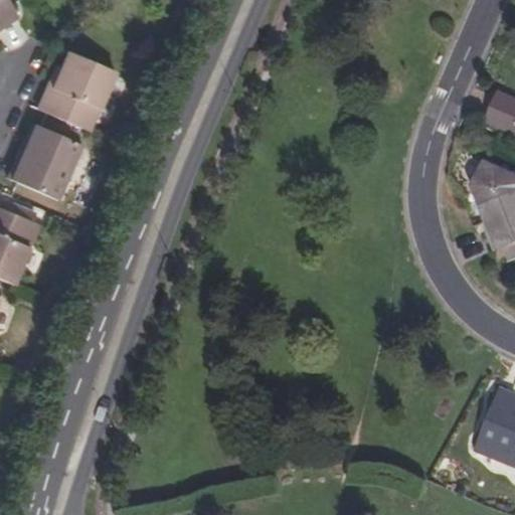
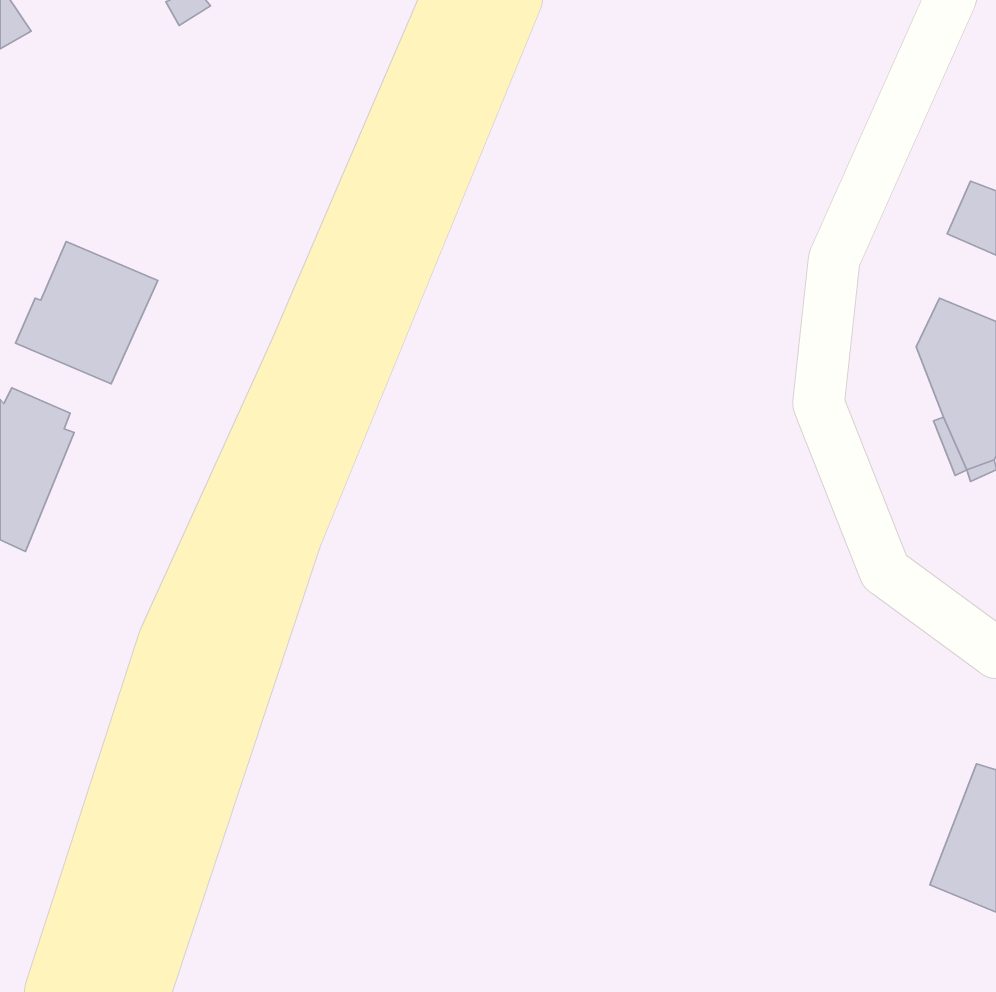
building: [35,50,113,133] -> none

